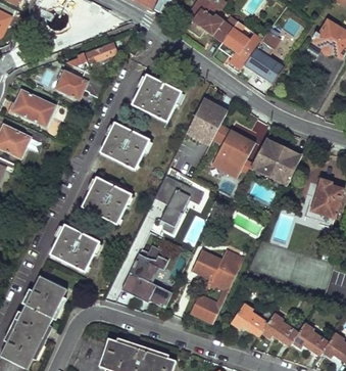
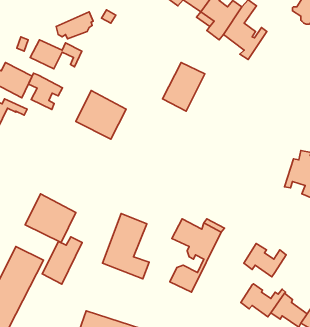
building: [132,75,182,122] -> none
building: none -> [29,73,62,109]
building: [212,125,254,177] -> none
building: [249,131,301,182] -> none
building: [154,175,204,236] -> none
building: [82,177,131,225] -> none
building: none -> [42,237,82,284]
building: [232,302,274,334] -> [244,244,286,277]

